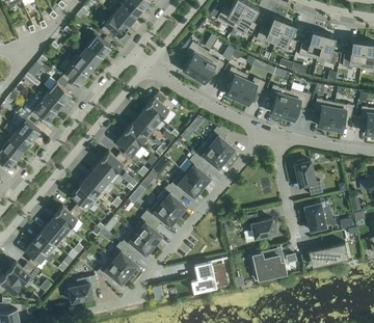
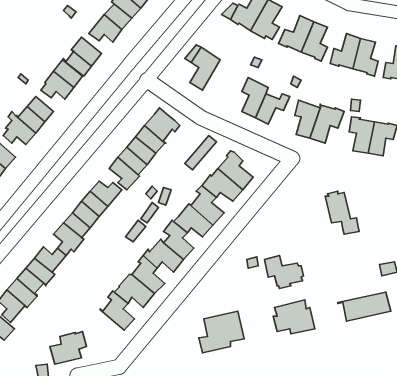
building: [194,52,224,83] -> none
building: [305,203,337,231] -> none
building: [98,258,130,285] -> none

